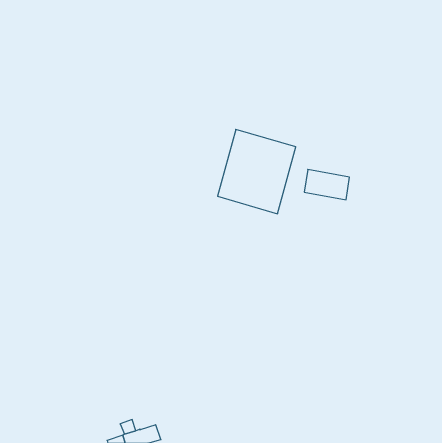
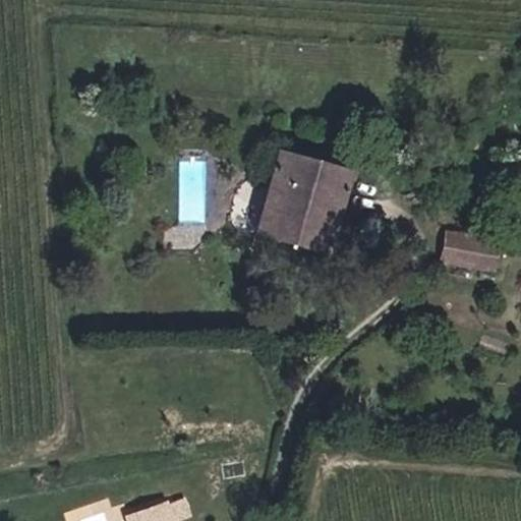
building: [304,169,349,200] -> [445,233,498,269]

